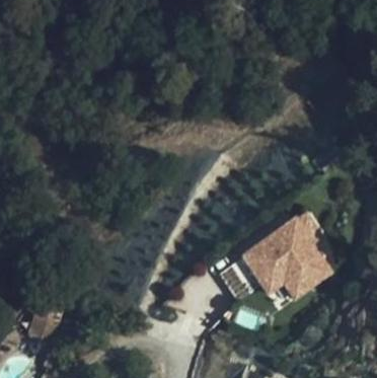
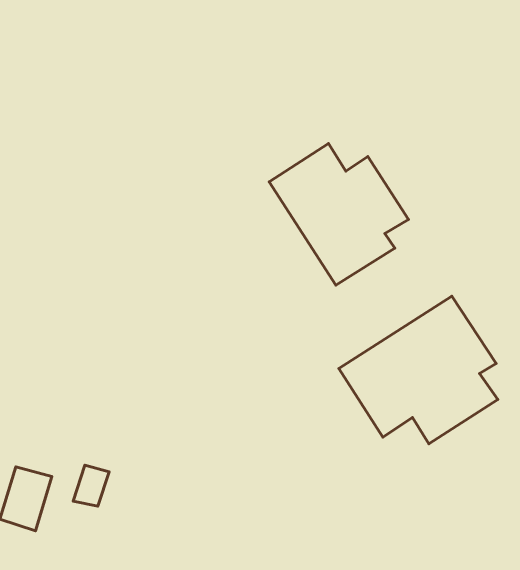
building: none -> [269,144,409,285]

